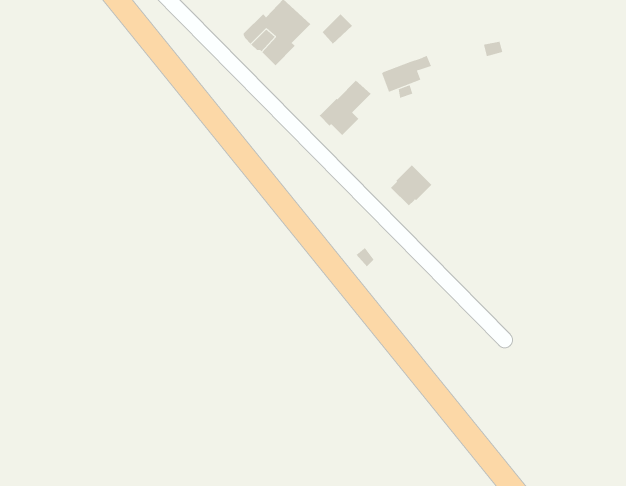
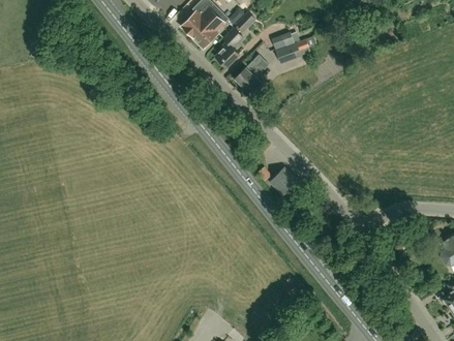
building: none -> [215,28,243,67]
building: [390,165,432,206] -> [271,166,299,194]

